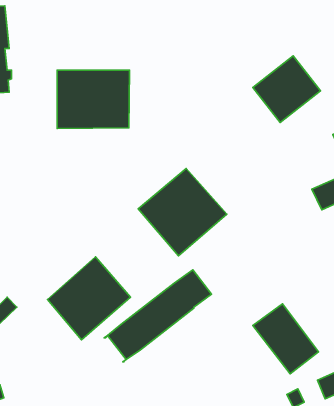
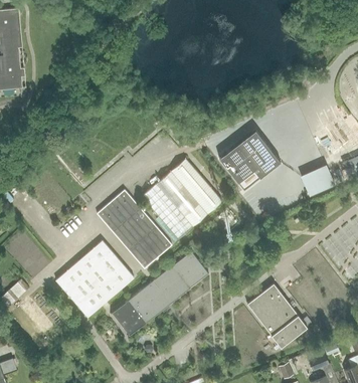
building: [253,56,320,123] -> [218,130,281,191]
building: [57,70,130,129] -> none
building: none -> [97,189,172,268]

